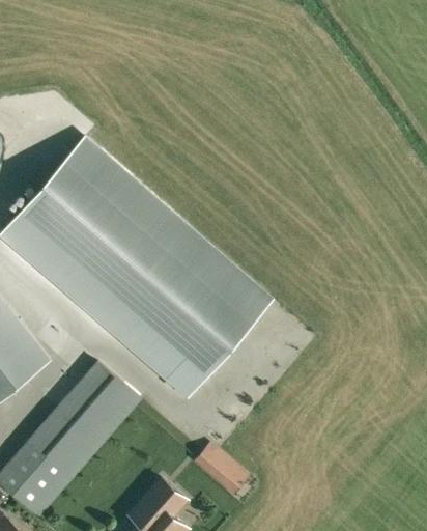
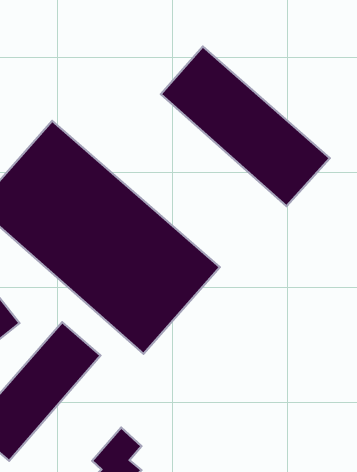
building: none -> [161,46,330,206]
building: [195,445,247,495] -> none

